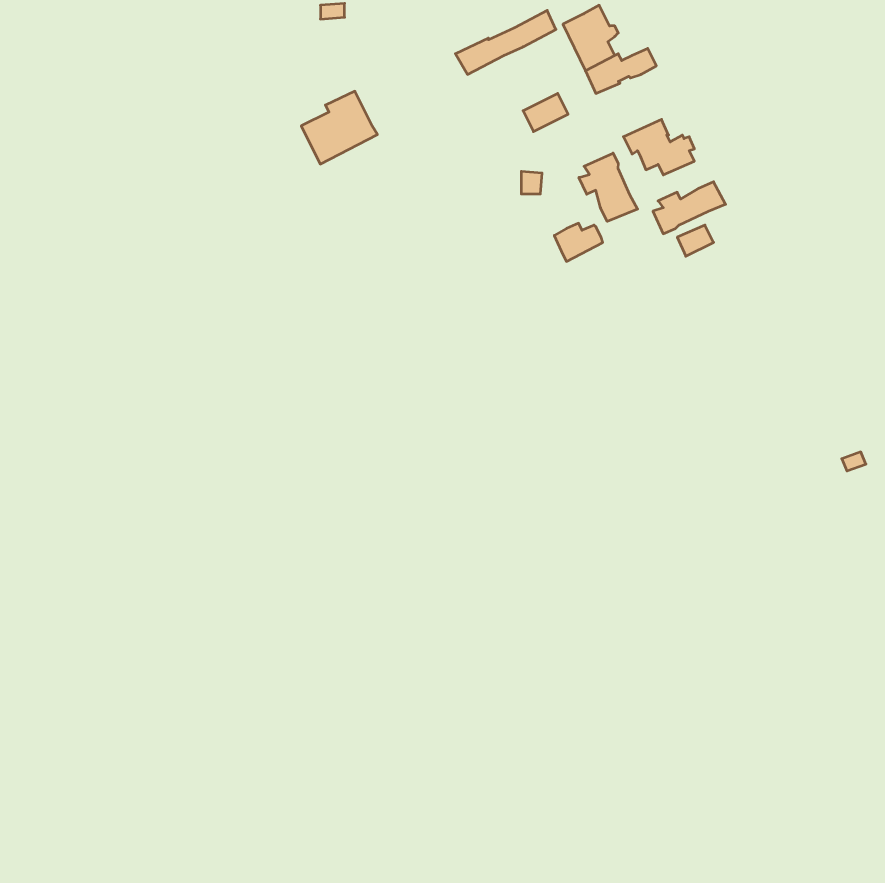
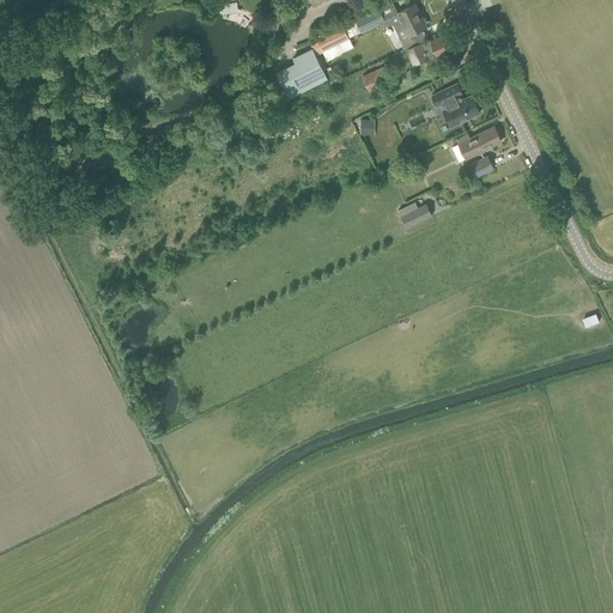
building: [301,91,377,164] -> [275,48,328,98]
building: [579,153,638,221] -> none
building: [554,223,603,261] -> [399,202,432,229]

